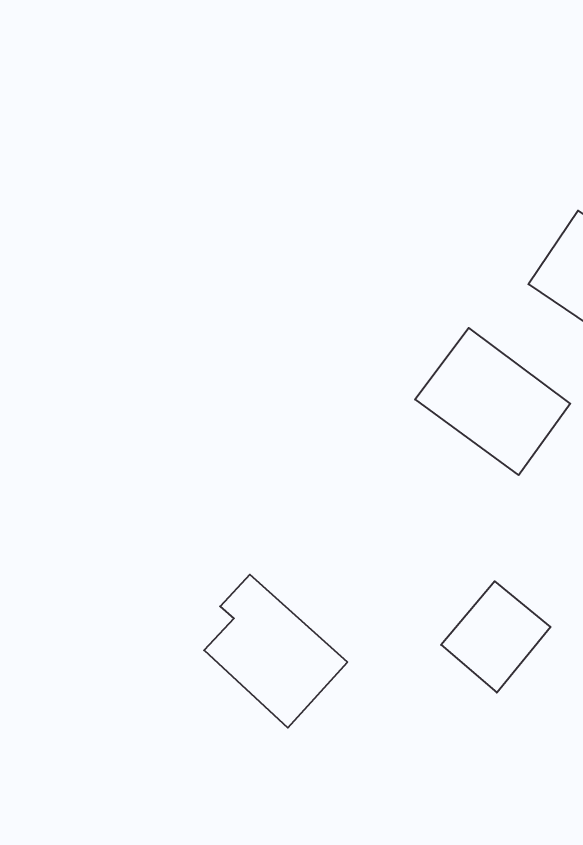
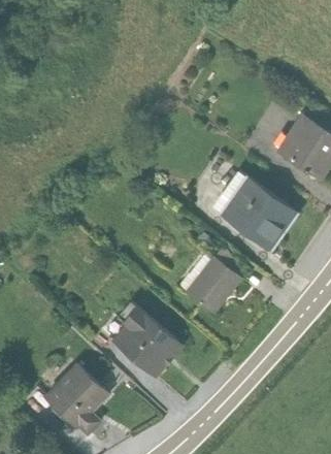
building: [441,581,551,693] -> [186,257,242,315]
building: none -> [44,362,110,436]

